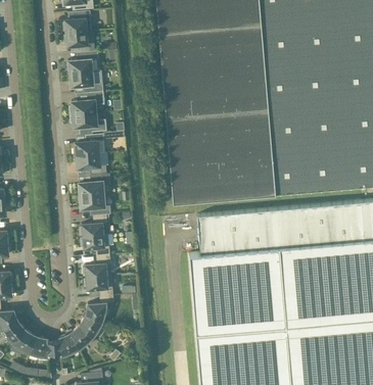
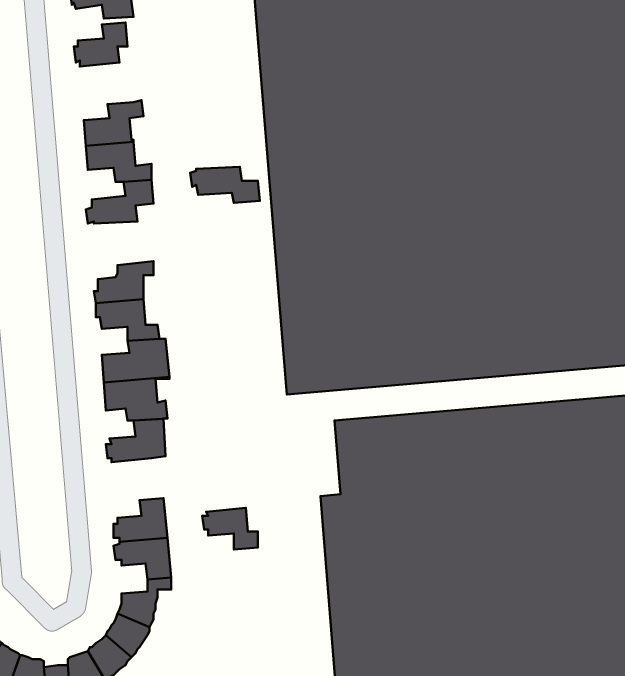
building: [64,33,94,54] -> none
building: [71,114,106,133] -> [190,167,260,203]
building: [81,236,109,257] -> [202,508,258,550]

